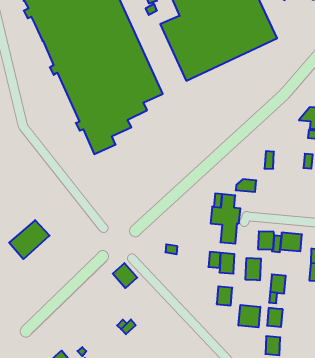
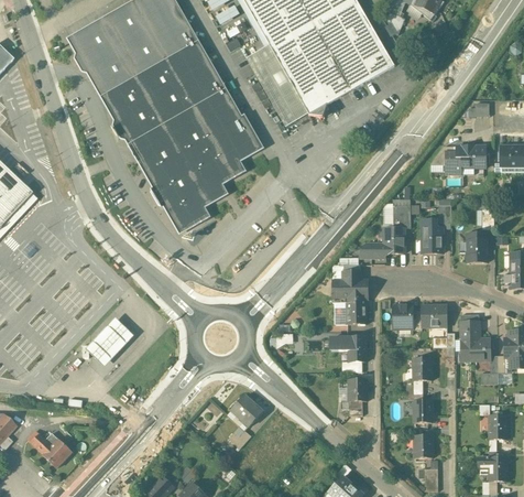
building: none -> [383,227,403,253]
building: none -> [421,227,441,252]
building: [246,258,261,280] -> none
building: [113,263,137,288] -> [230,396,261,426]
building: [239,305,260,327] -> none

